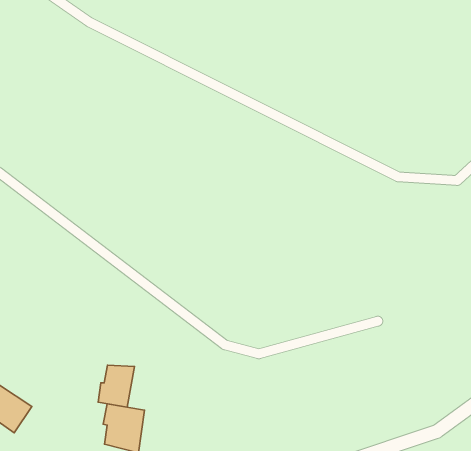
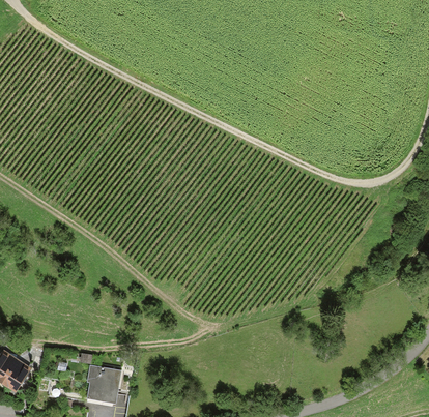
building: [98,365,135,407] -> none

